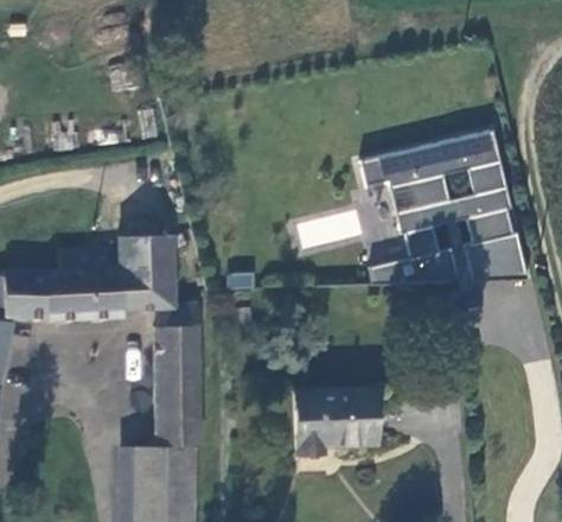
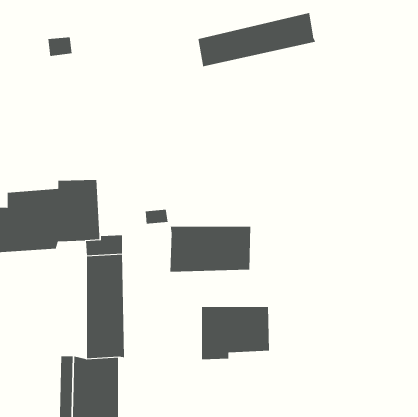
building: none -> [198,12,316,67]
building: [362,129,529,282] -> none
building: none -> [170,226,251,273]

